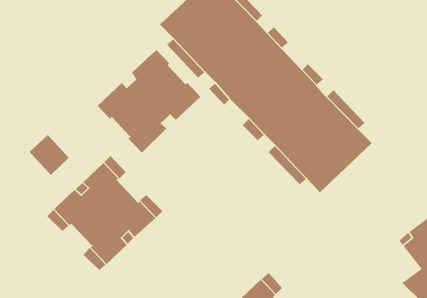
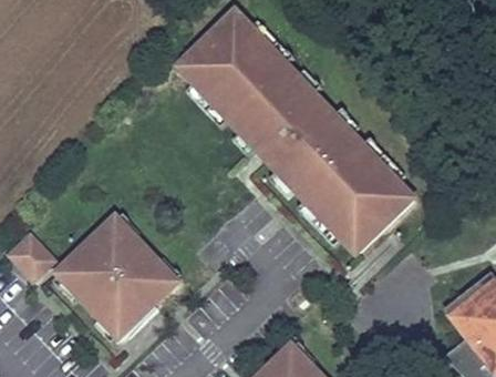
building: [97,49,201,153] -> none
building: [29,134,70,176] -> [10,232,55,278]

